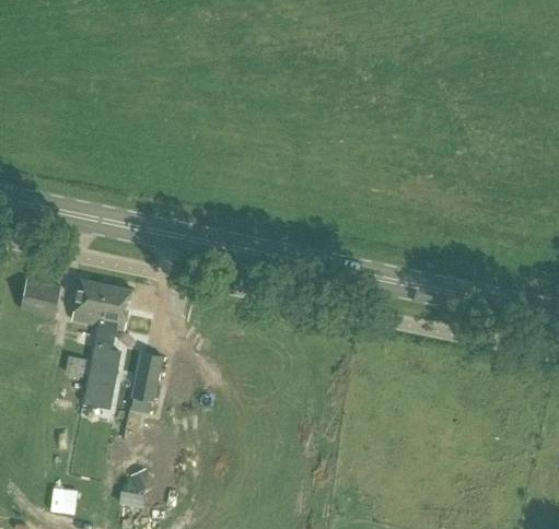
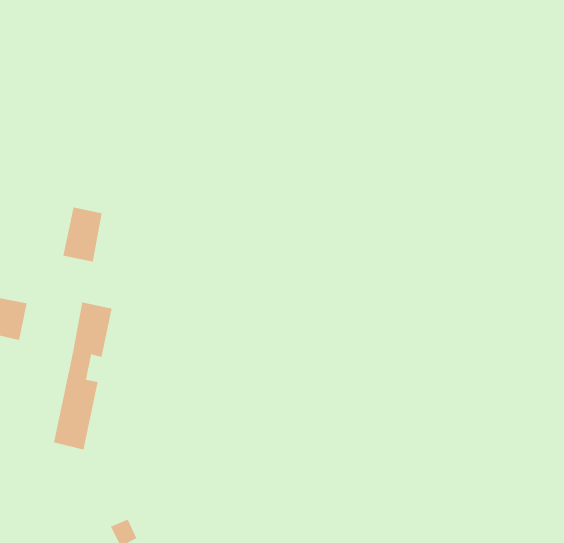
building: [72,279,106,326] -> [63,207,103,262]
building: [125,350,163,401] -> none

